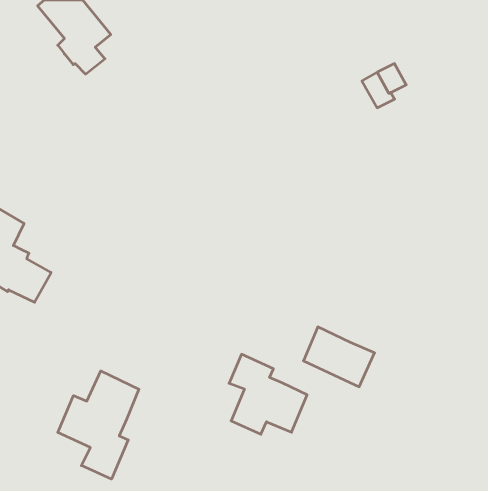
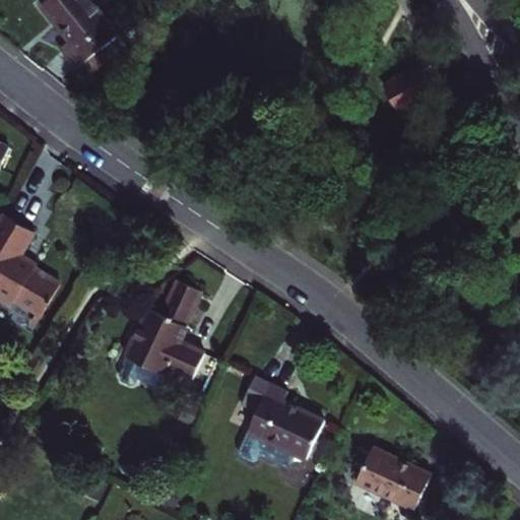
building: none -> [126,281,204,380]
building: [303,327,375,387] -> [356,442,432,505]
building: [58,371,139,479] -> none

